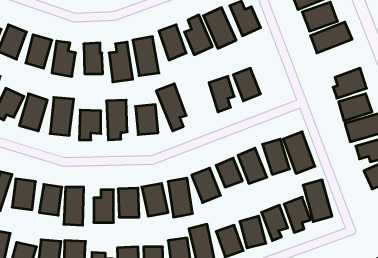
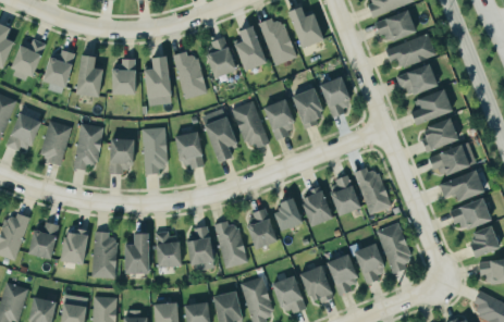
building: none -> [397,62,440,98]
building: none -> [321,76,354,117]
building: none -> [231,99,268,149]

